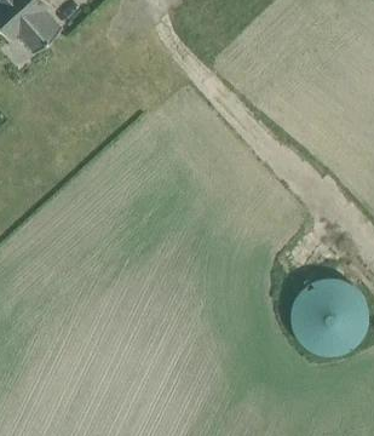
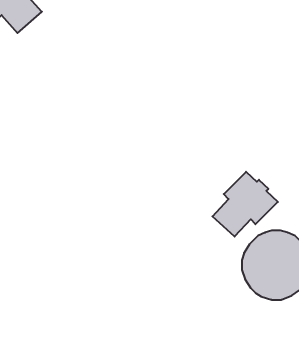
building: none -> [212,172,278,237]

